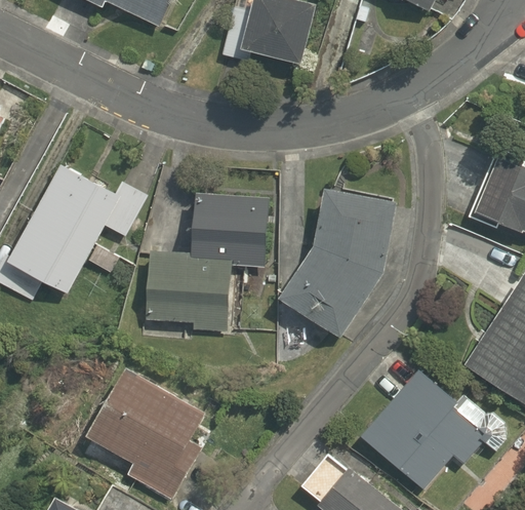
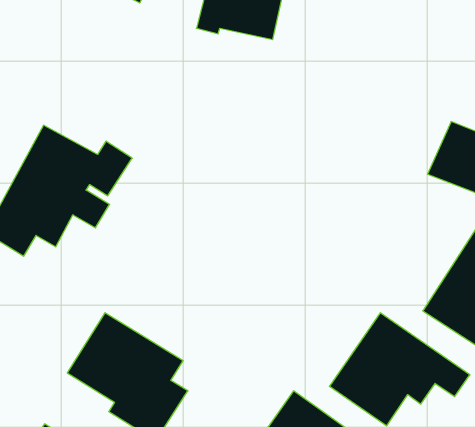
building: [279,186,395,335] -> none
building: [148,193,270,331] -> none

